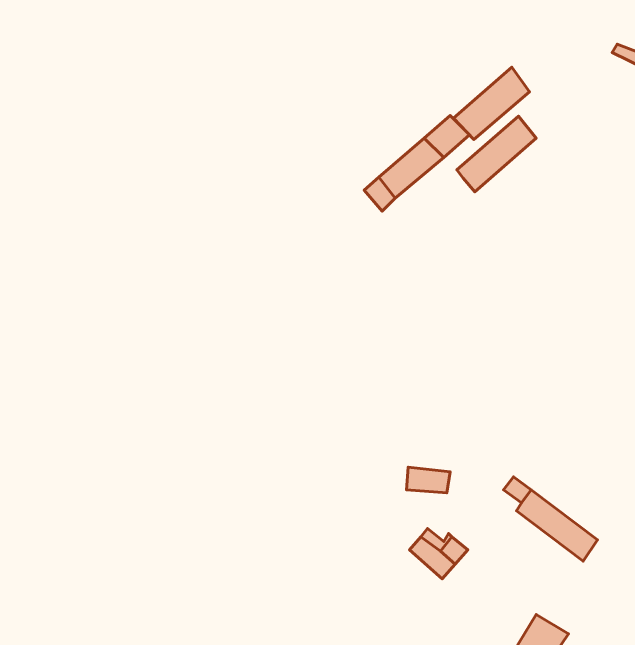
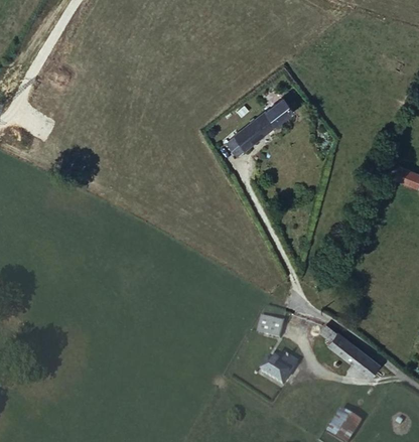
building: [454,67,530,140] -> none
building: [457,116,536,192] -> none

